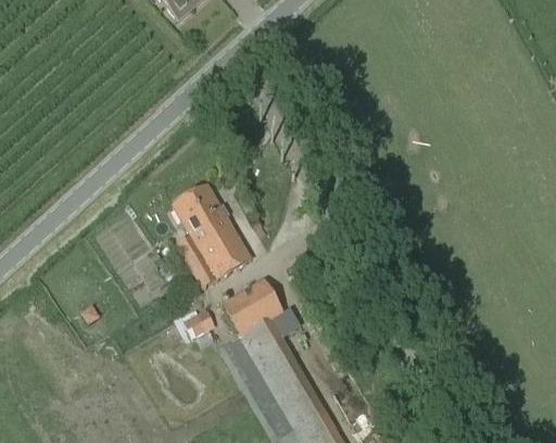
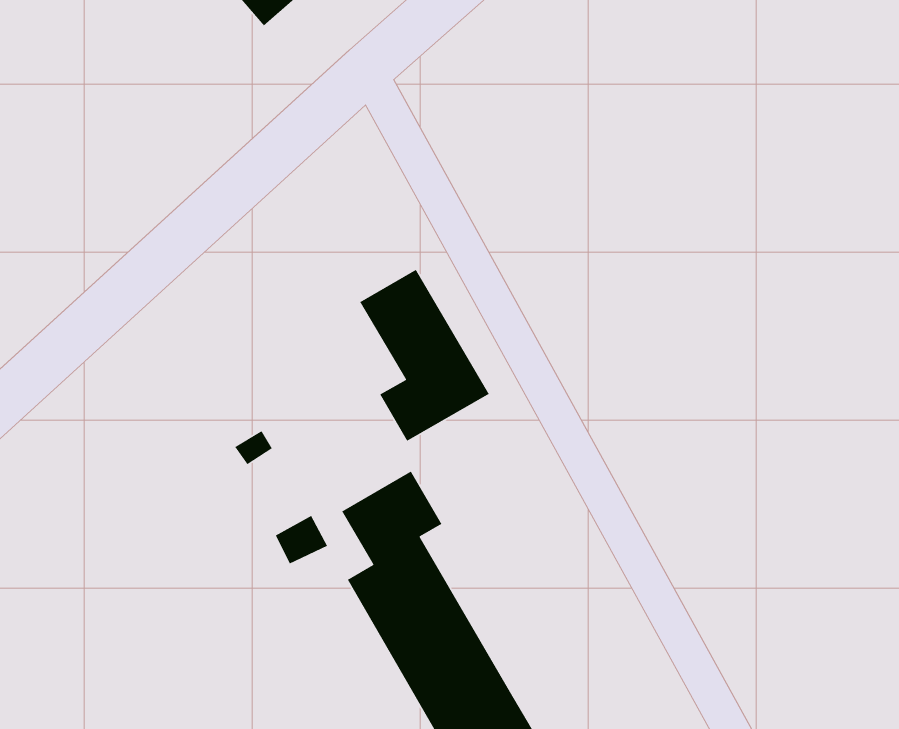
building: [174,185,251,287] -> [359,269,490,442]

